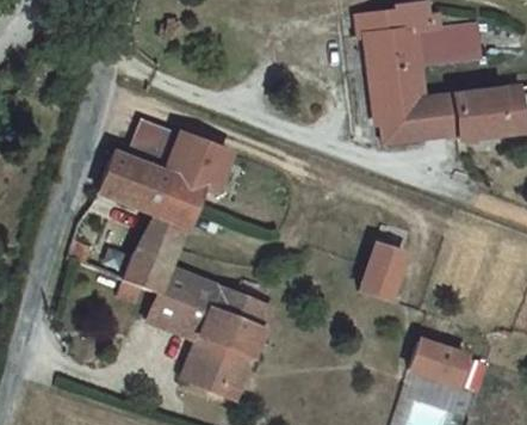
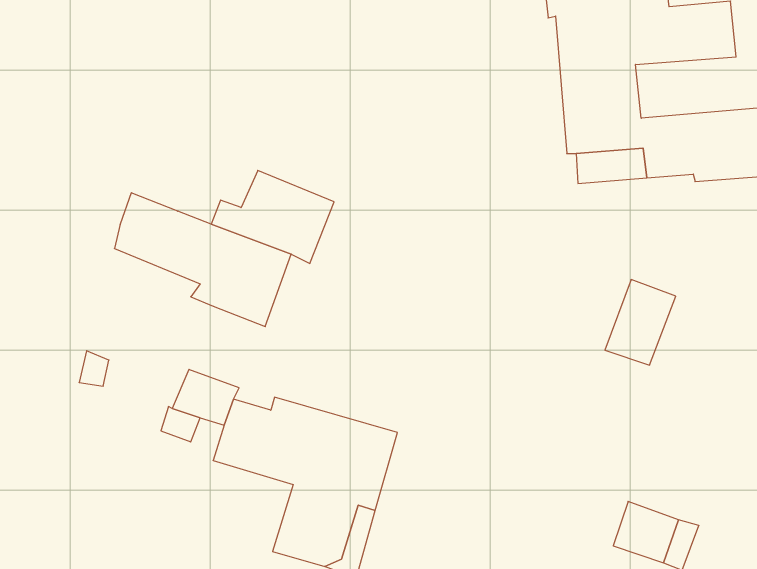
building: [128,118,179,166] -> none
building: [135,218,184,271] -> none
building: [358,247,403,302] -> [605,280,676,365]

